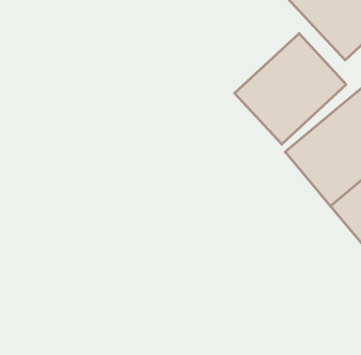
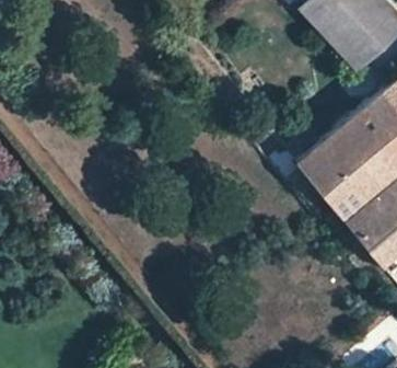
building: [235,33,346,144] -> none

